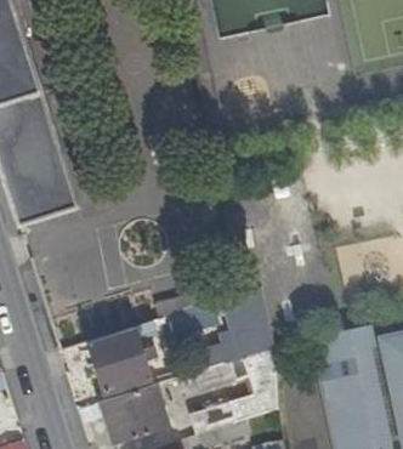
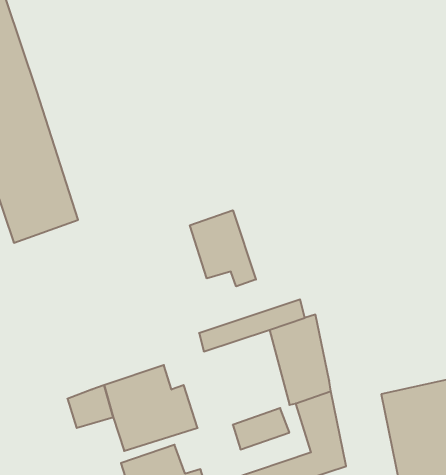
building: none -> [190,210,256,286]

